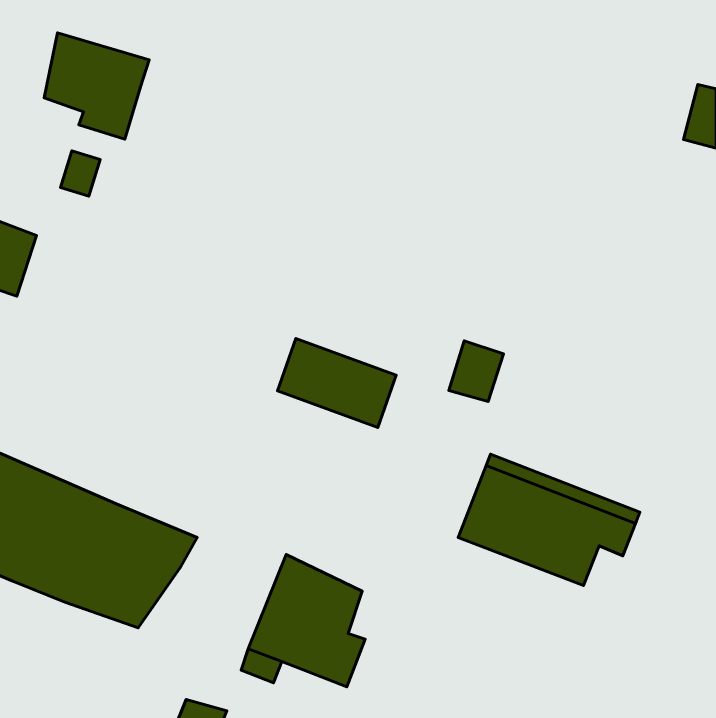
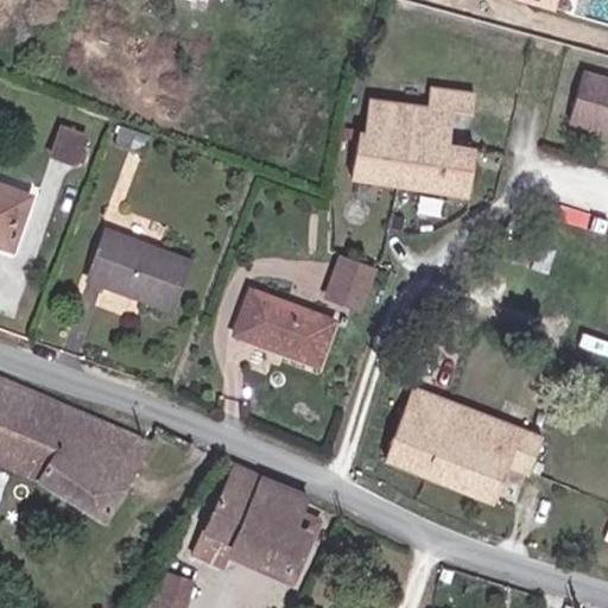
building: [44,33,149,139] -> none
building: none -> [357,86,490,198]
building: none -> [88,230,186,306]
building: [449,341,504,402] -> [327,249,373,300]

